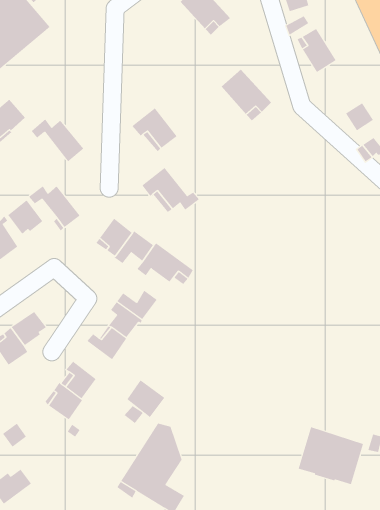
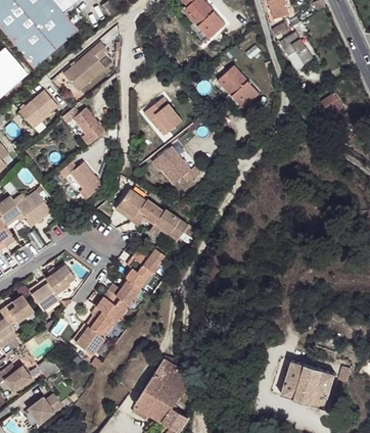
building: none -> [63,41,106,91]
building: [8,200,43,234] -> none
building: [127,379,165,418] -> [96,289,128,321]

